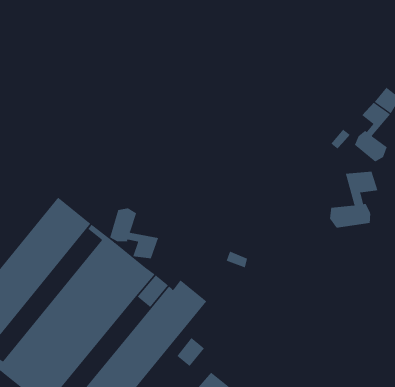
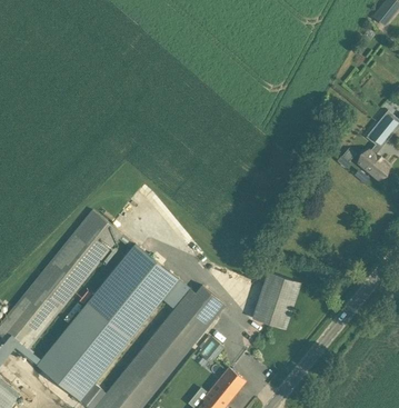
building: [329,171,378,228] -> none
building: [109,207,159,259] -> none
building: none -> [252,272,300,330]

